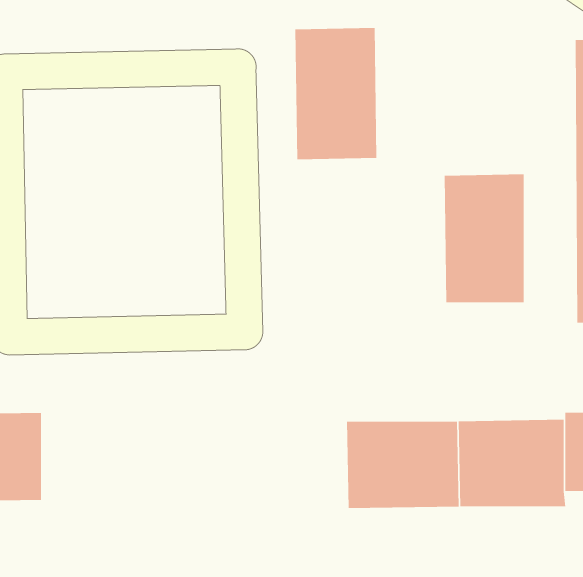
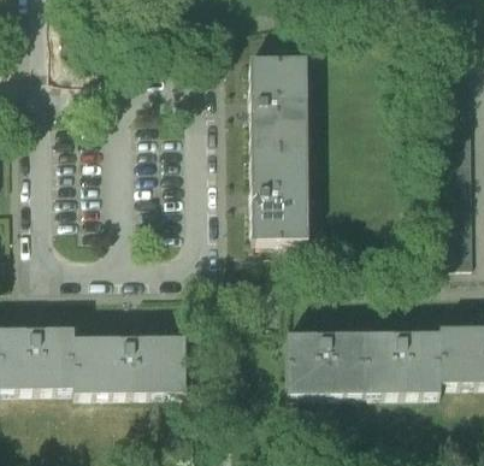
building: [444,174,525,303] -> [250,148,307,238]
building: none -> [72,336,184,394]

